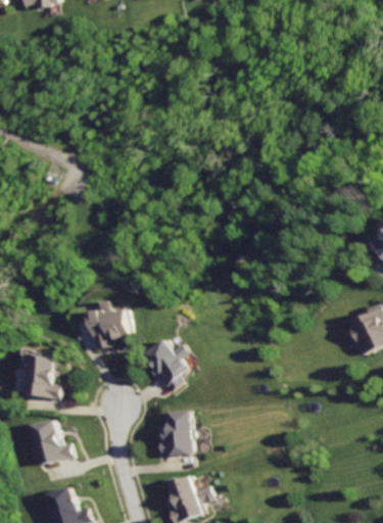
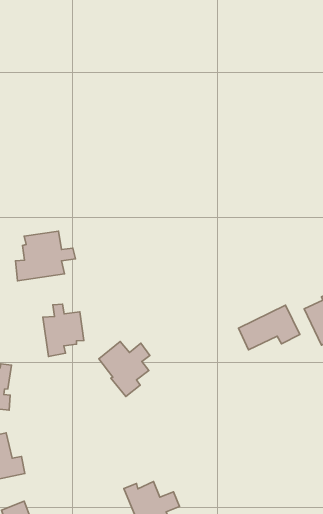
building: none -> [15,231,75,281]
building: none -> [238,305,300,350]
building: [156,412,195,457] -> none

